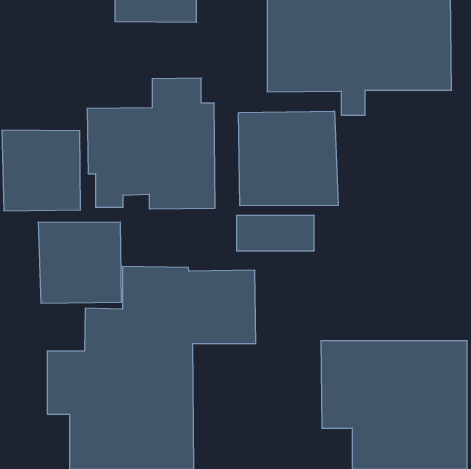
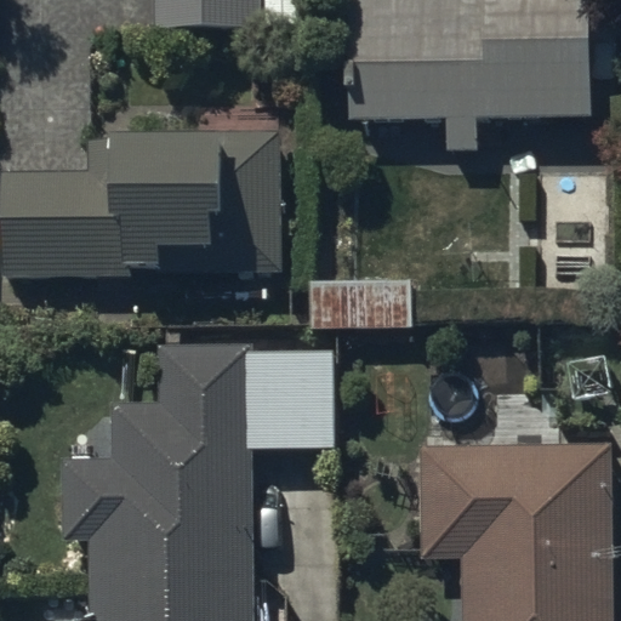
building: [239,111,338,206] -> none
building: [38,222,121,303] -> none

